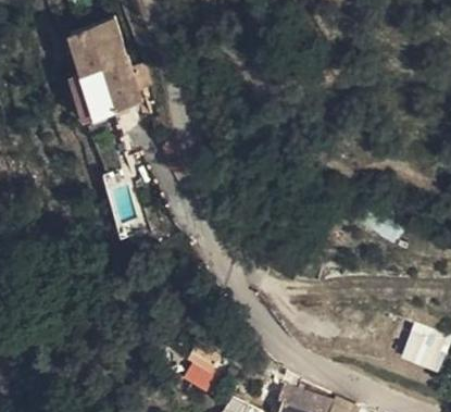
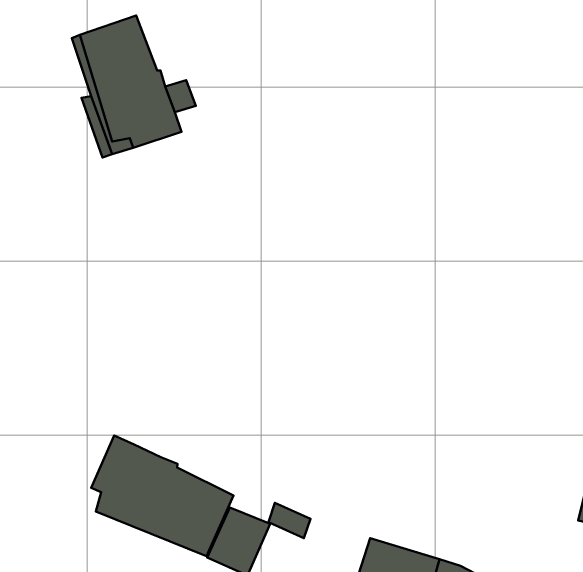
building: none -> [91,436,234,556]

